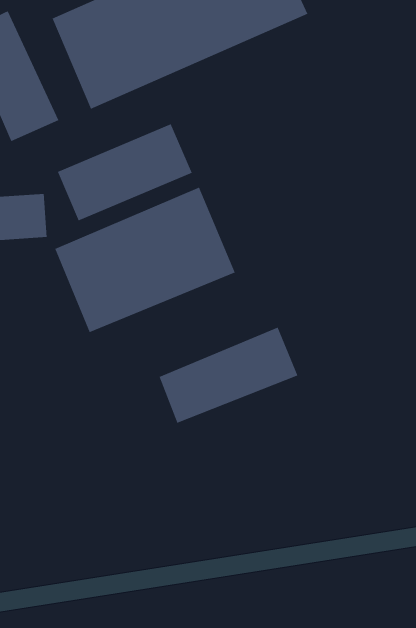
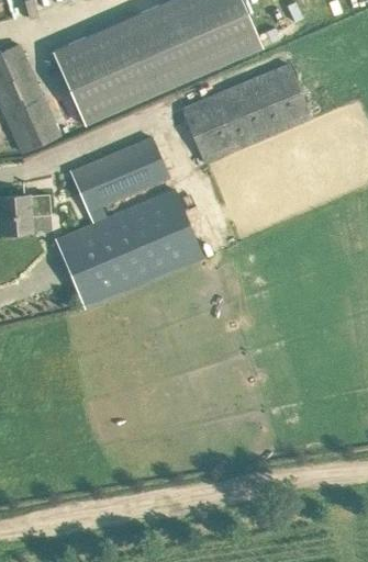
building: none -> [182,65,311,162]
building: [158,326,299,424] -> none

